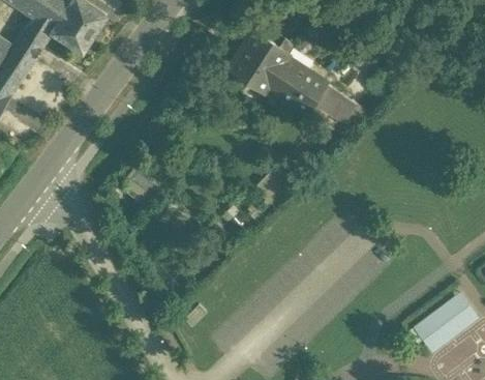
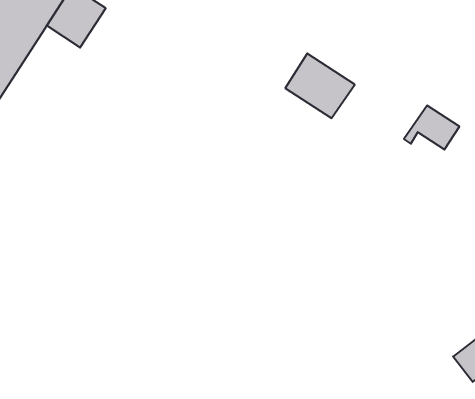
building: [228,30,286,91] -> none
building: [305,84,355,123] -> [404,106,459,150]

